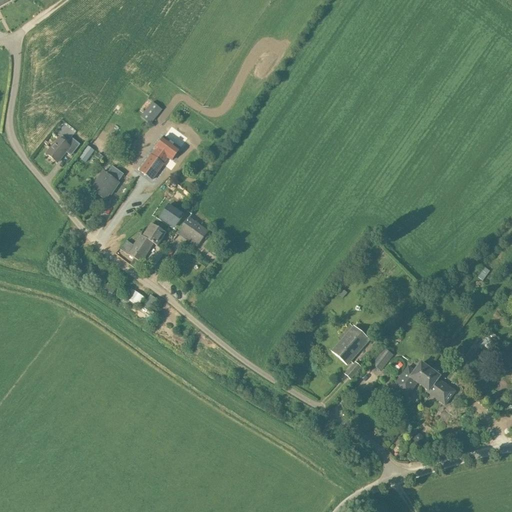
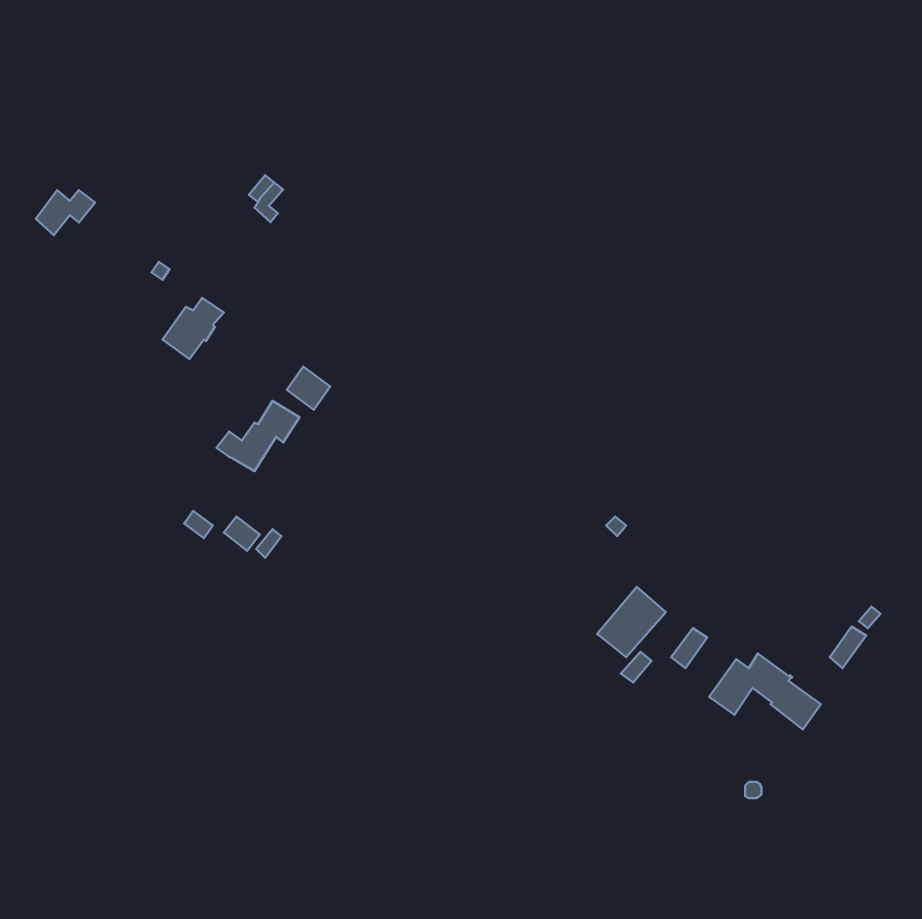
building: [47,136,80,161] -> [36,190,95,235]
building: [141,136,180,177] -> none
building: [179,216,208,243] -> none

